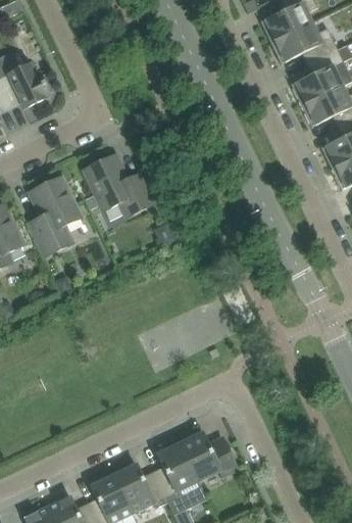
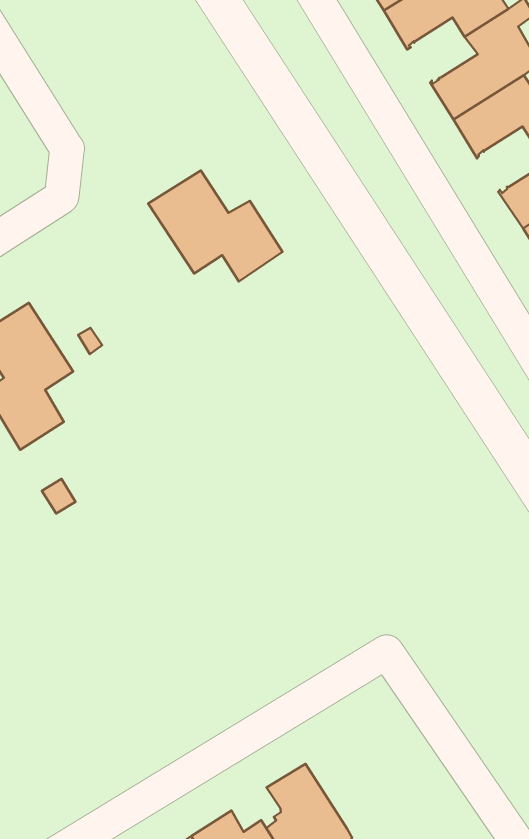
building: [84,154,153,217] -> [148,171,282,282]
building: [180,432,237,481] -> none

